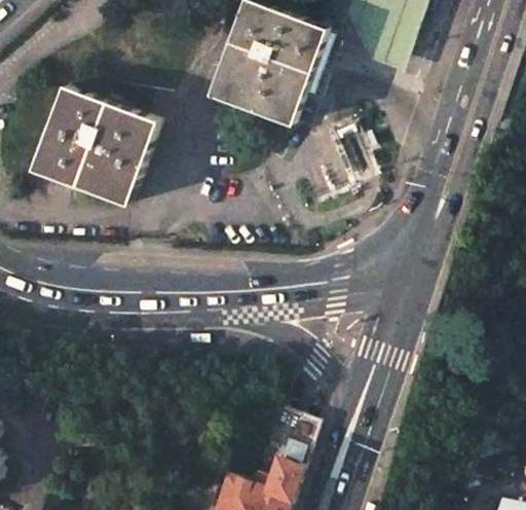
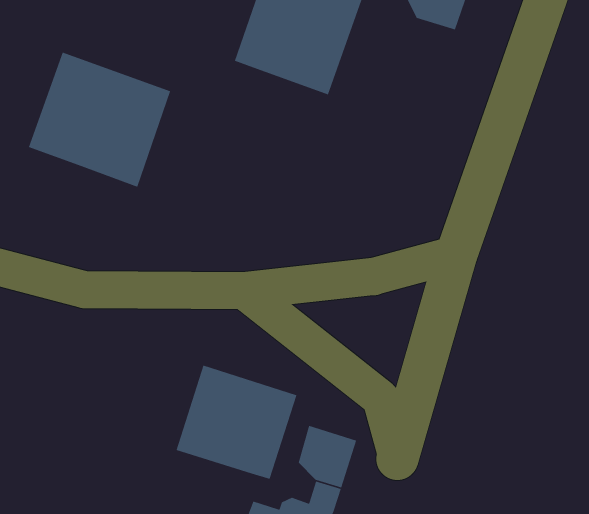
building: none -> [175,365,298,480]

